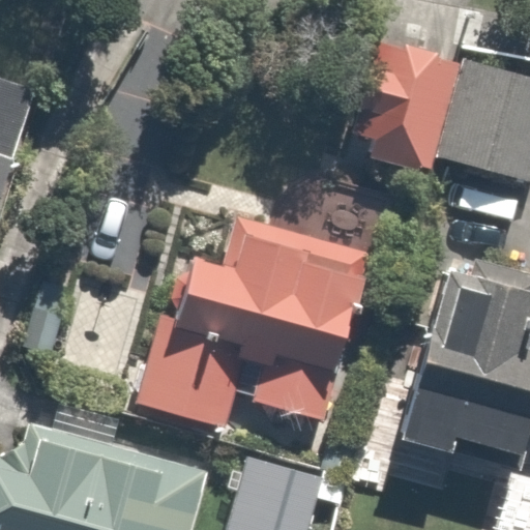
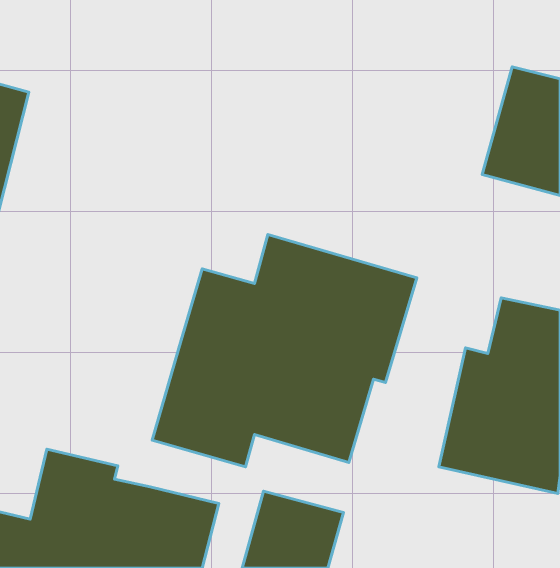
building: [350,37,467,179] -> none

